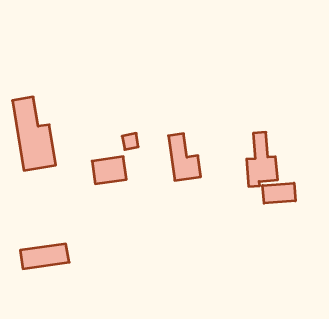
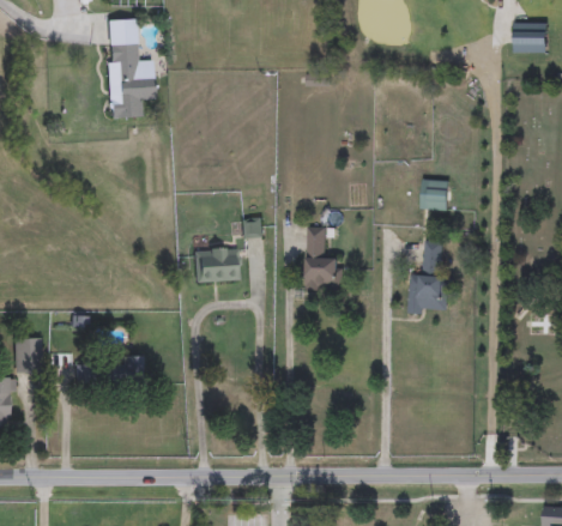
building: none -> [421,181,447,211]
building: [12,97,56,170] -> [107,18,155,119]
building: [263,183,295,203] -> none

